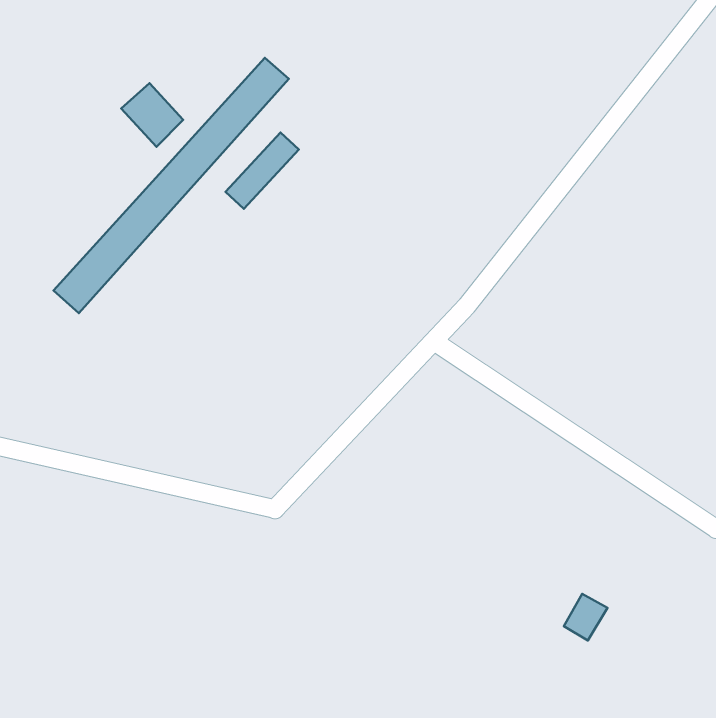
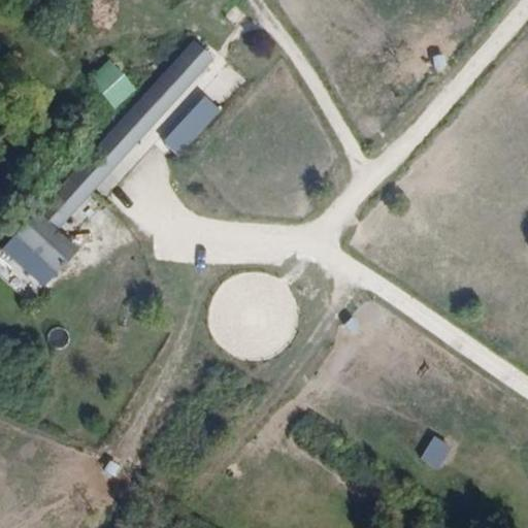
building: none -> [5,212,78,285]

